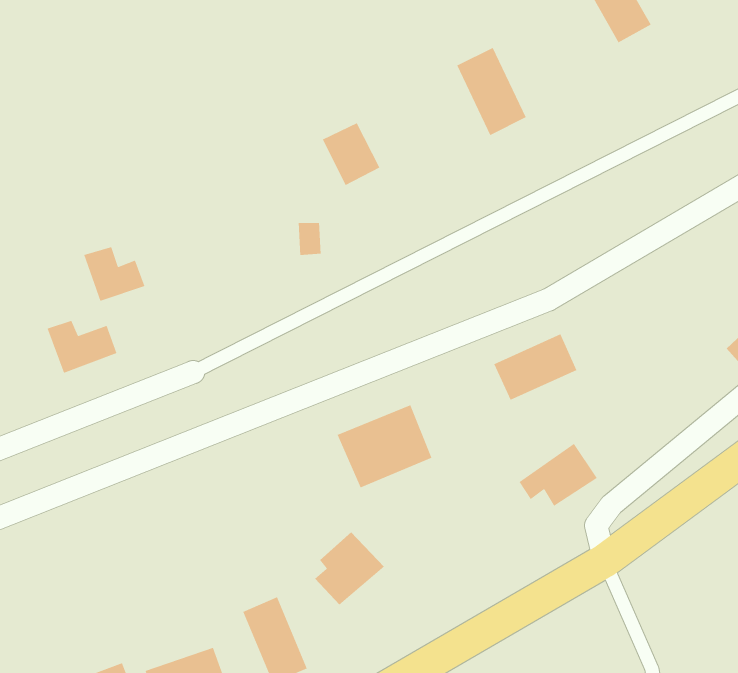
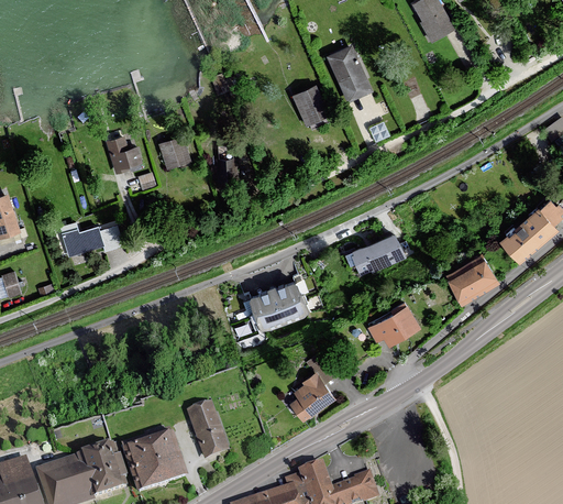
building: [322,122,381,186] -> [291,84,330,125]
building: none -> [159,134,194,168]
building: [83,246,145,302] -> [106,134,146,171]
building: none -> [446,256,497,304]
building: [314,531,385,606] -> [289,370,335,418]

